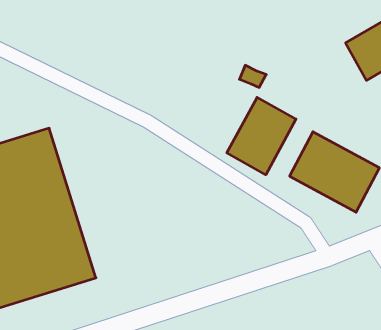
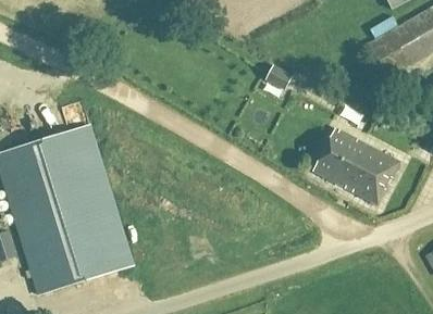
building: [227,97,296,175] -> none

